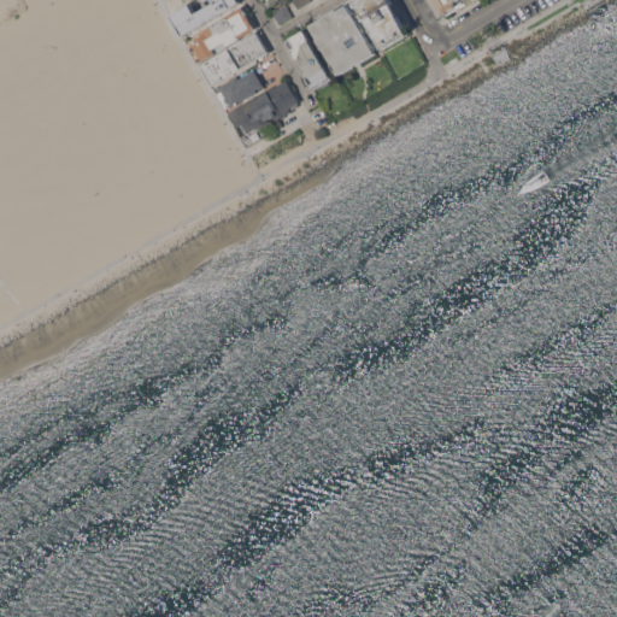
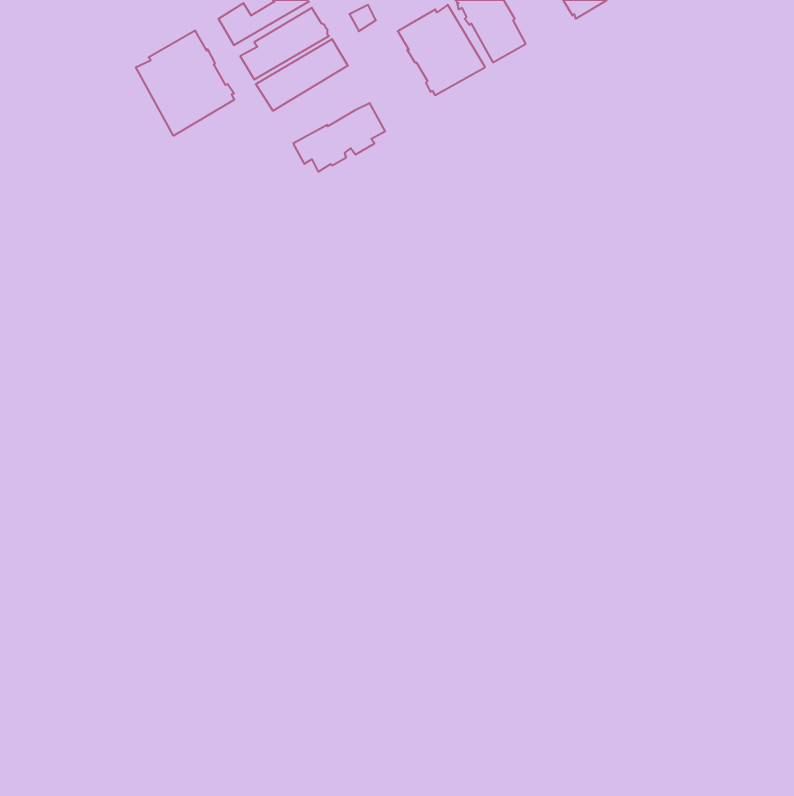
building: none -> [136,30,234,136]
building: [284,30,330,89] -> none
building: [215,70,263,110] -> none

